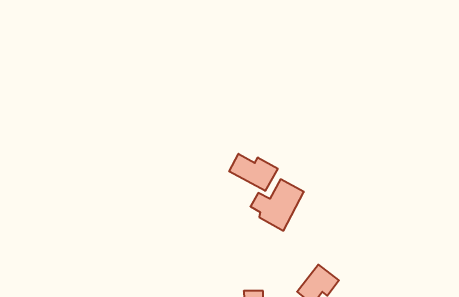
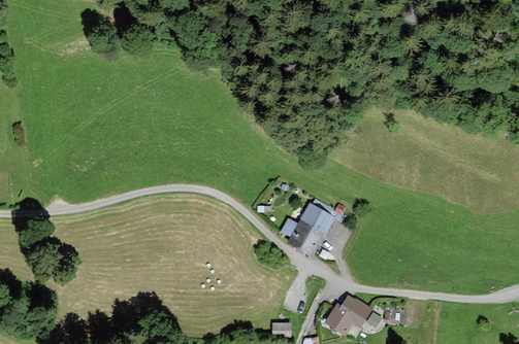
building: [229,154,278,191] -> none

